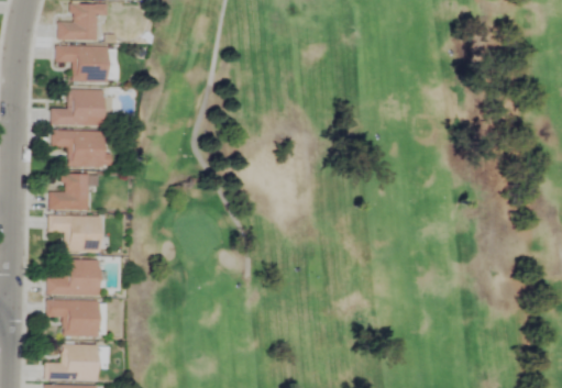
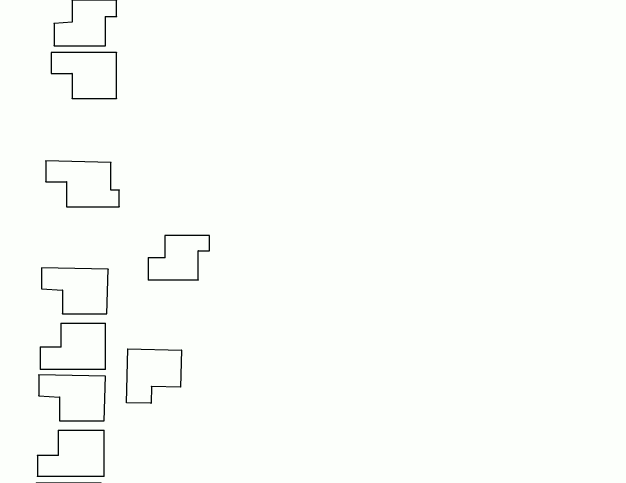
building: [51,90,103,125] -> none
building: [49,175,98,210] -> [148,236,209,280]
building: none -> [127,349,181,403]

